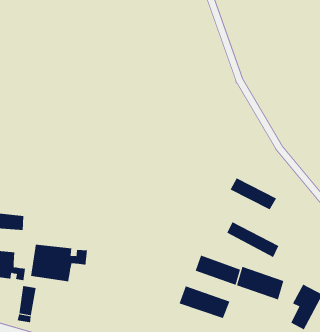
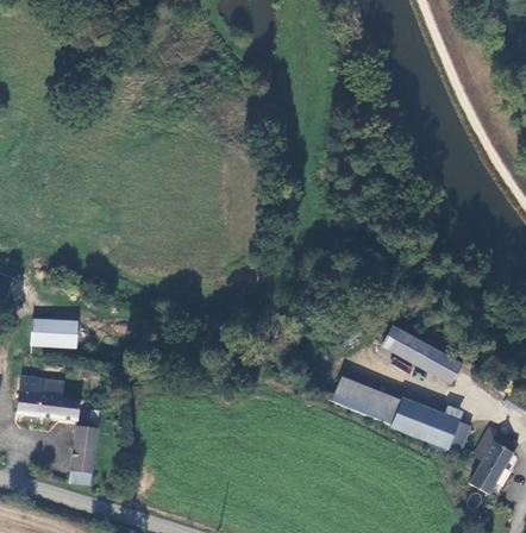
building: [230,177,277,210] -> none
building: [30,244,88,282] -> none
building: [179,285,230,319] -> none

